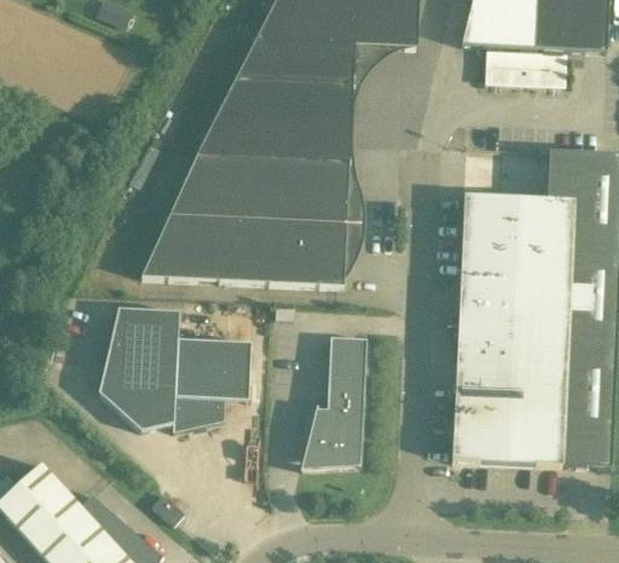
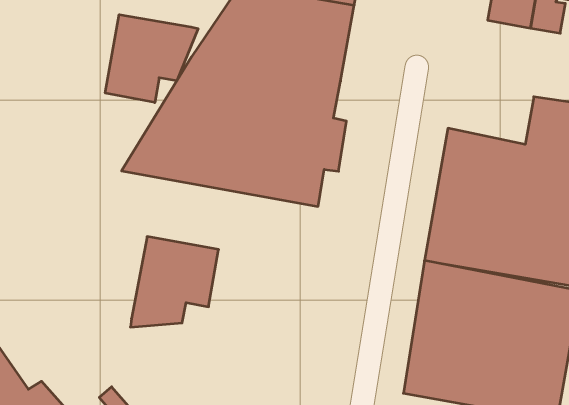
building: none -> [105,15,198,103]
building: [99,308,179,429] -> none
building: [301,336,366,468] -> none

